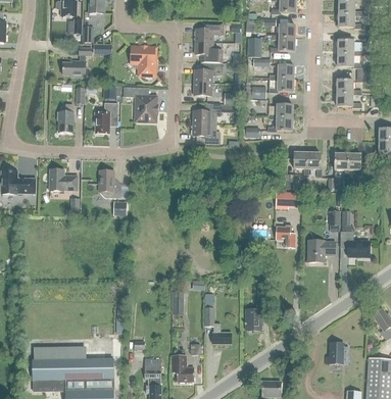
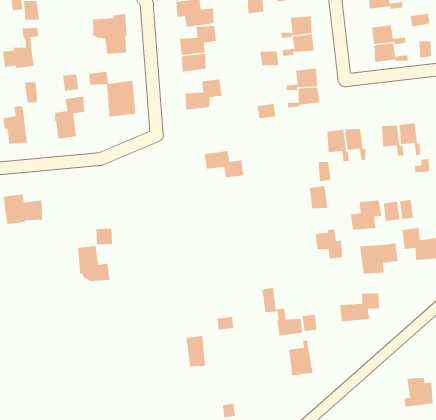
building: [192,122,219,143] -> [204,150,244,178]
building: [98,169,120,197] -> [77,245,111,282]
building: none -> [350,200,382,231]
building: none -> [339,292,380,322]
building: [204,306,231,343] -> [261,287,303,336]

